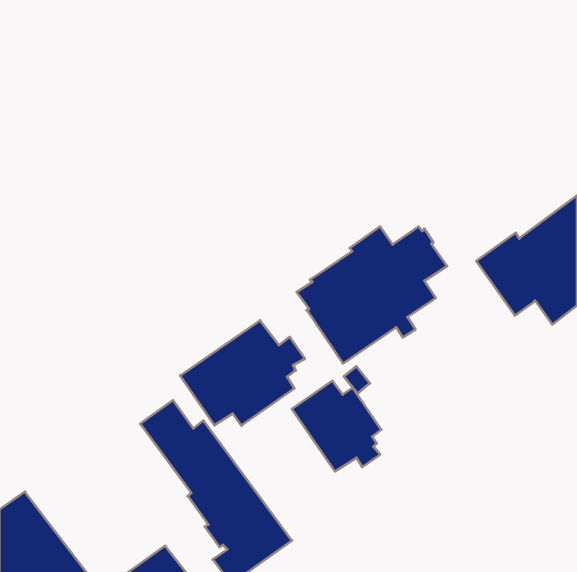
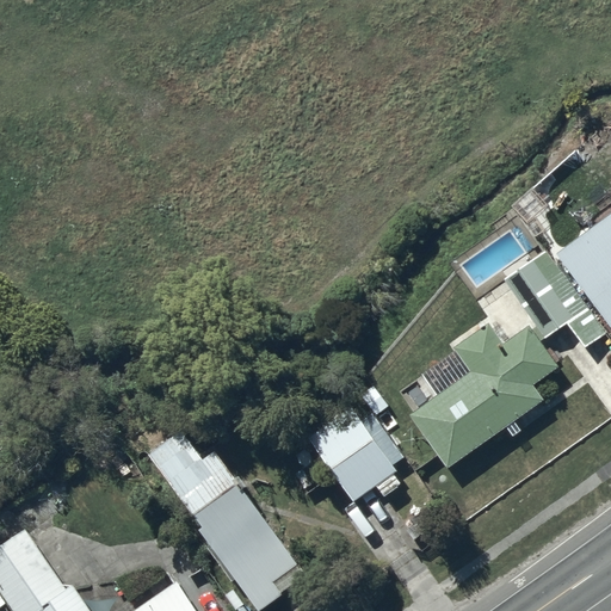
building: [297,227,447,363] -> [399,327,557,471]
building: [180,320,305,426] -> none

